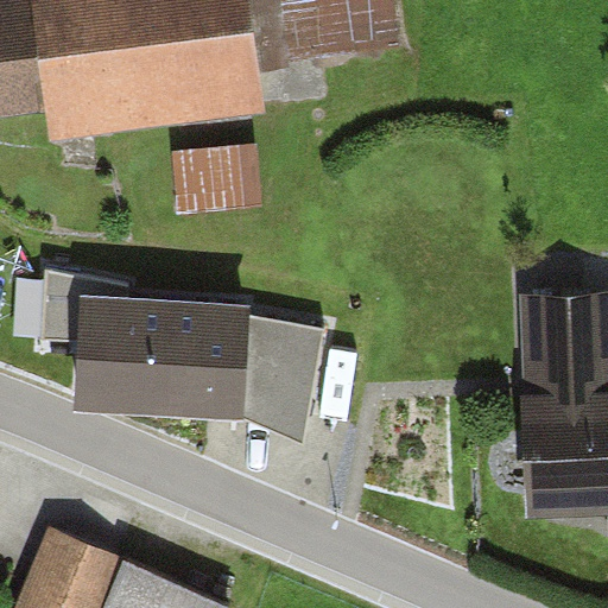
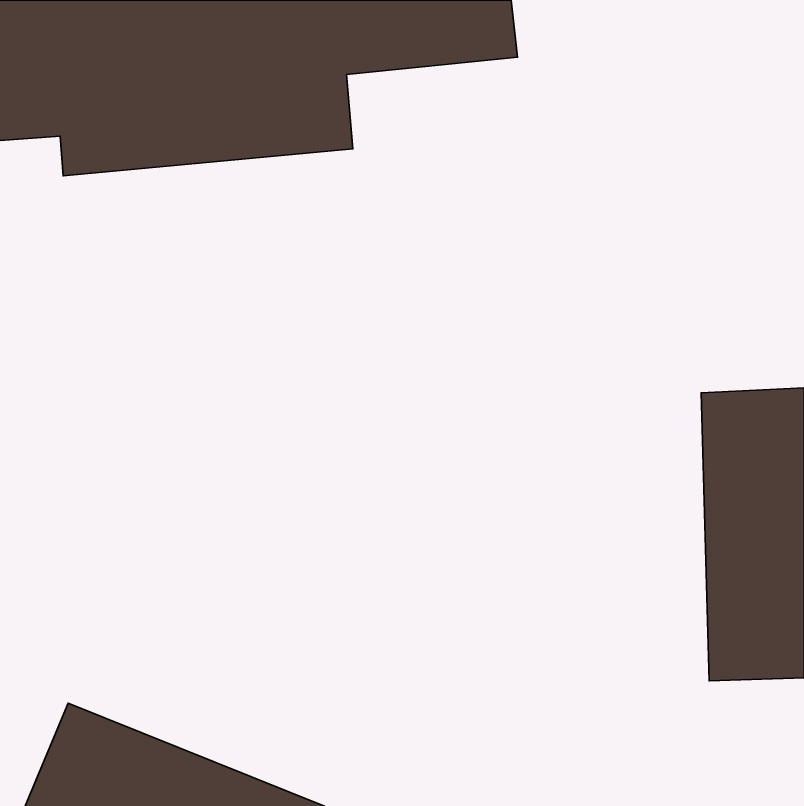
building: [172,144,264,215] -> none
building: [44,272,321,443] -> none

